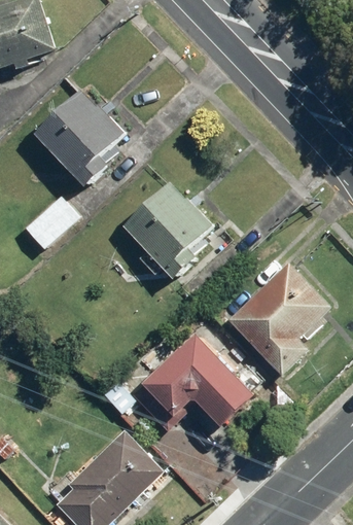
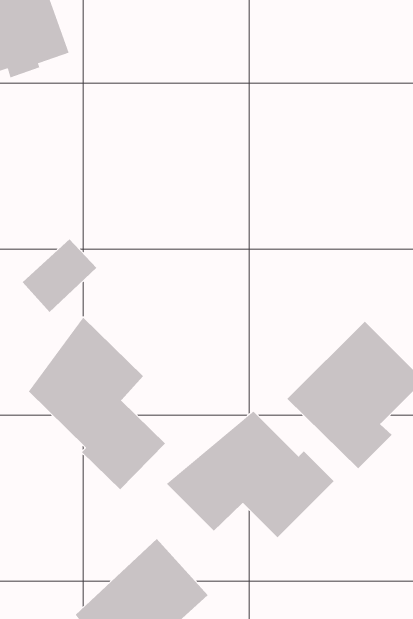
building: [34,87,126,187] -> none
building: [122,178,215,278] -> none
building: none -> [28,317,166,490]

